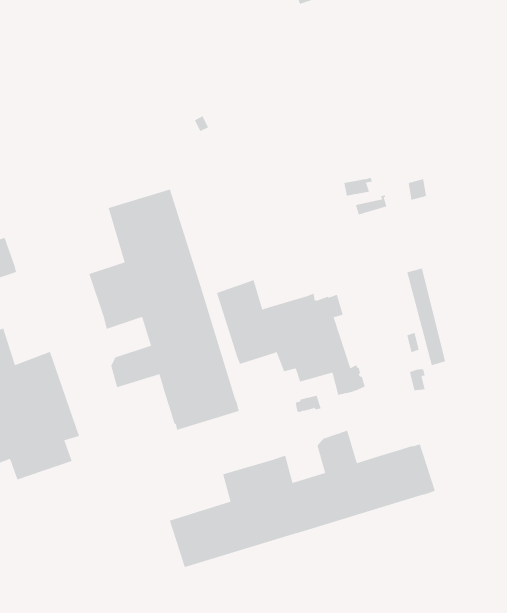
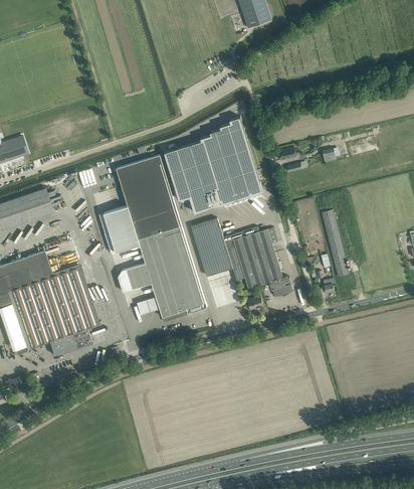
building: none -> [163,117,262,212]
building: [169,430,435,568] -> none

